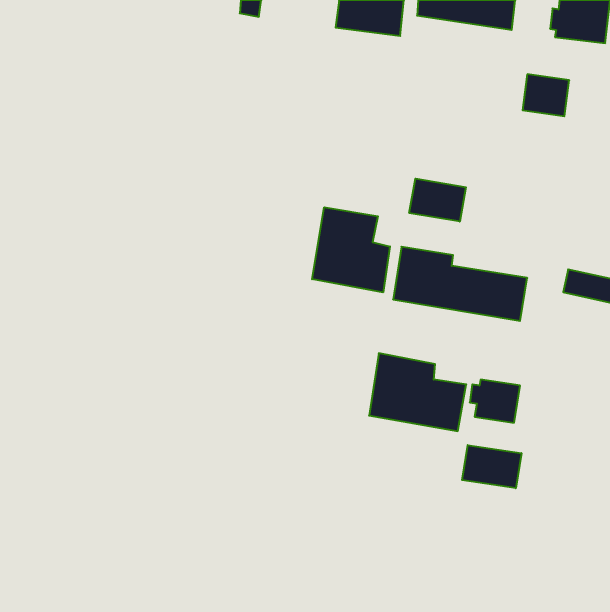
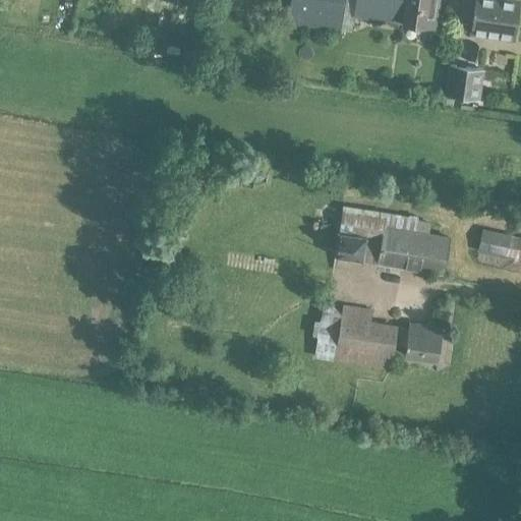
building: [409,179,466,222] -> none
building: [312,207,390,292] -> none
building: [462,445,521,488] -> none

